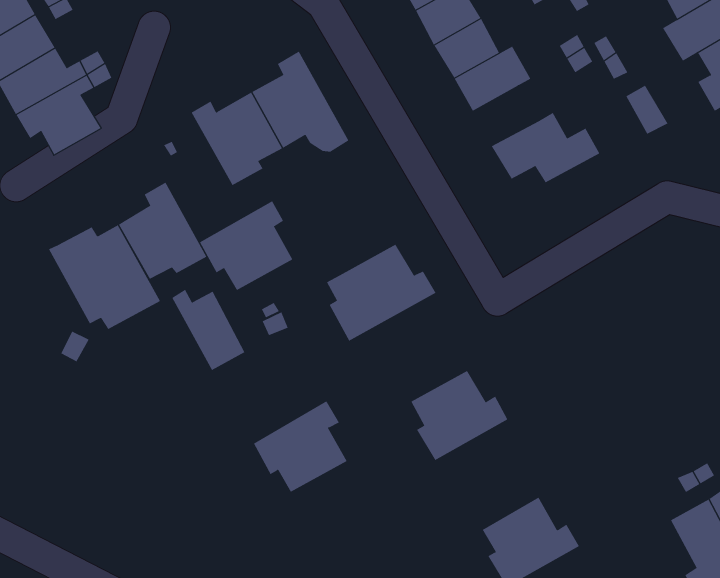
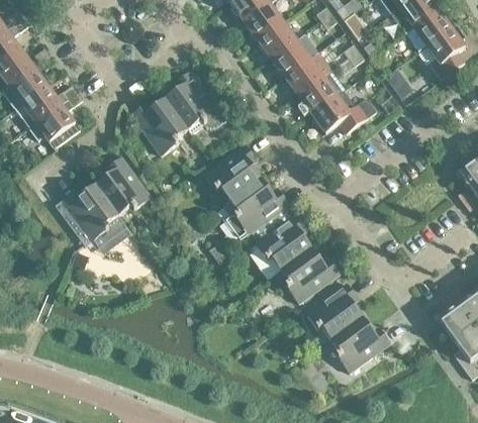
building: none -> [297,77,337,114]
building: [199,201,293,291] -> [204,144,261,200]
building: [171,289,245,371] -> none
building: [253,400,347,492] -> [255,213,311,270]
building: none -> [305,284,362,340]

